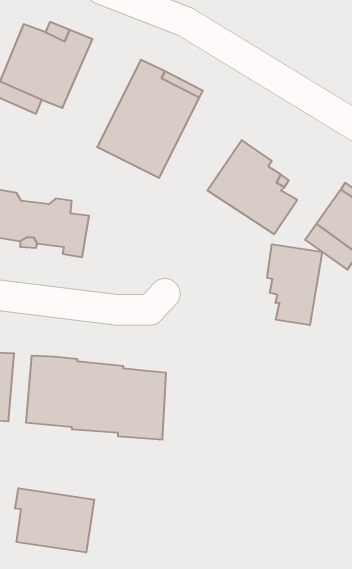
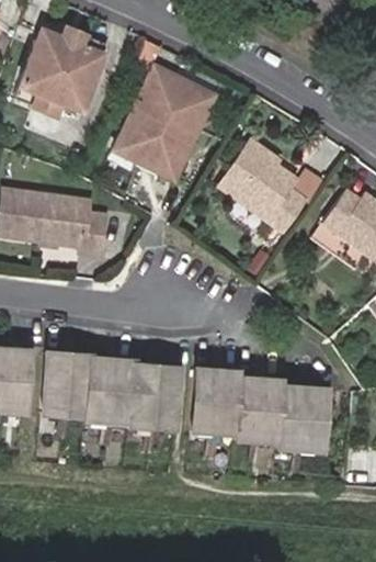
building: [267,244,322,325] -> none
building: none -> [193,370,328,451]
building: [15,488,94,553] -> none

